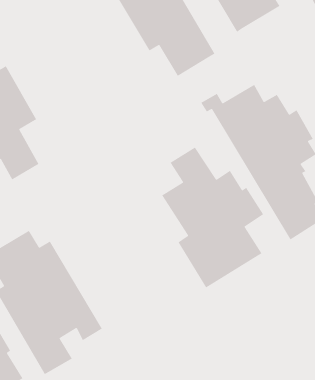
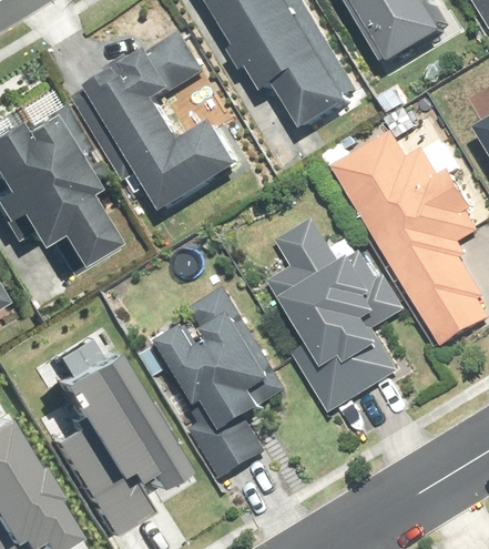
building: none -> [70,31,231,214]
building: none -> [152,286,284,482]

